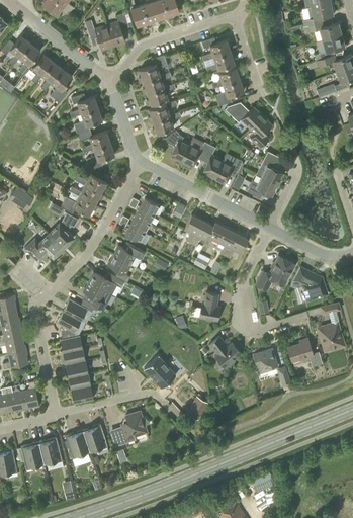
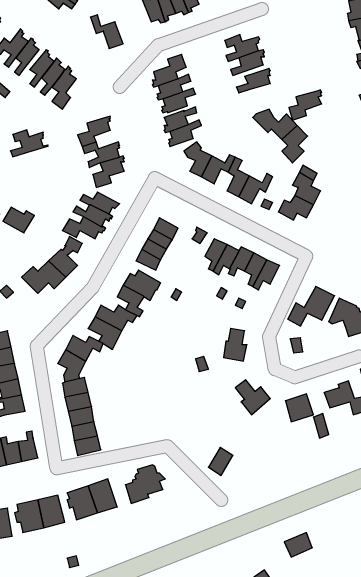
building: [105,13,128,46] -> none
building: [215,79,244,105] -> [289,90,322,120]
building: [69,94,101,117] -> [10,130,48,157]
building: [143,355,176,388] -> none

